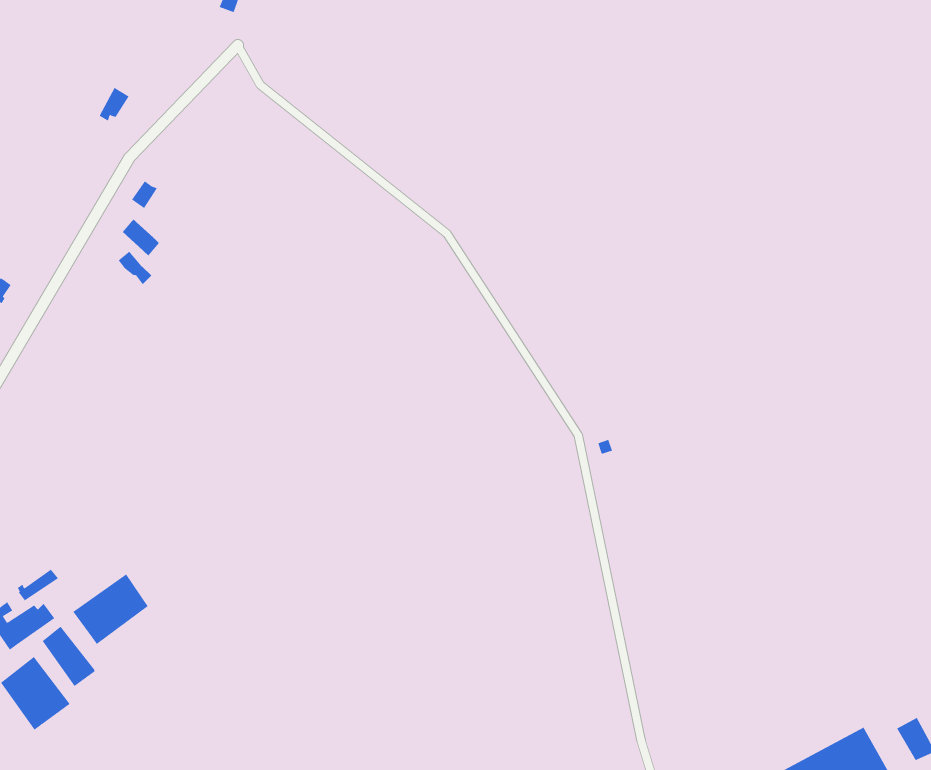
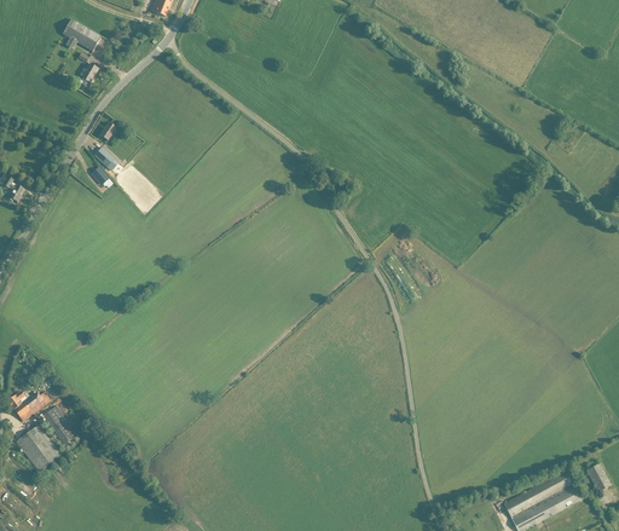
building: none -> [62,18,100,51]
building: [73,573,149,645] -> none

